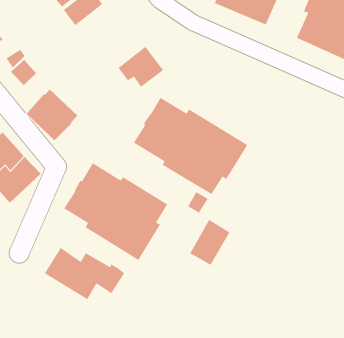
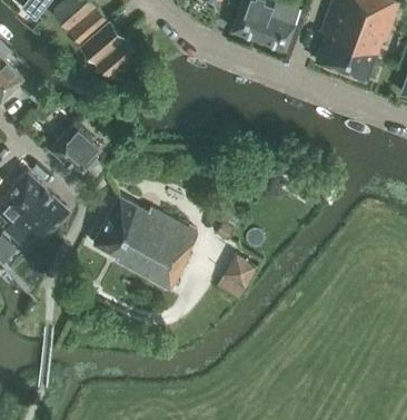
building: [117,46,164,88] -> [97,40,143,82]
building: [133,97,248,195] -> none
building: [44,247,125,300] -> none

